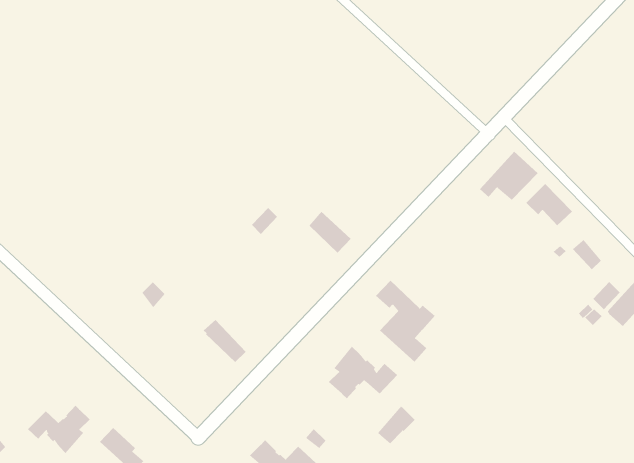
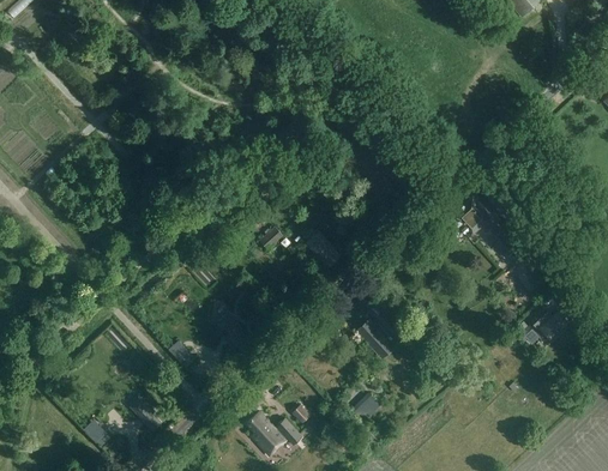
building: [328,346,398,399] -> none
building: [27,405,91,454] -> none

